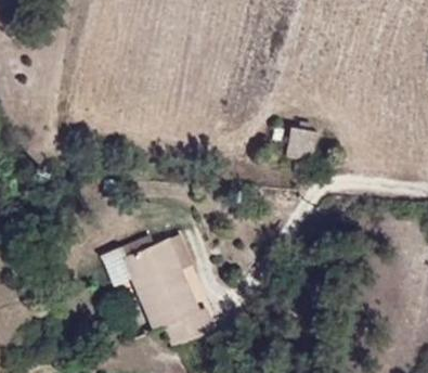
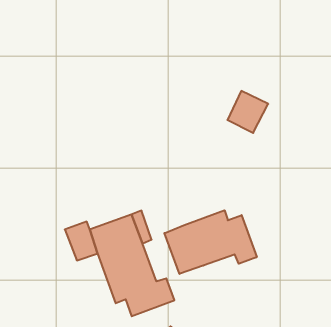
building: none -> [164,210,257,274]

